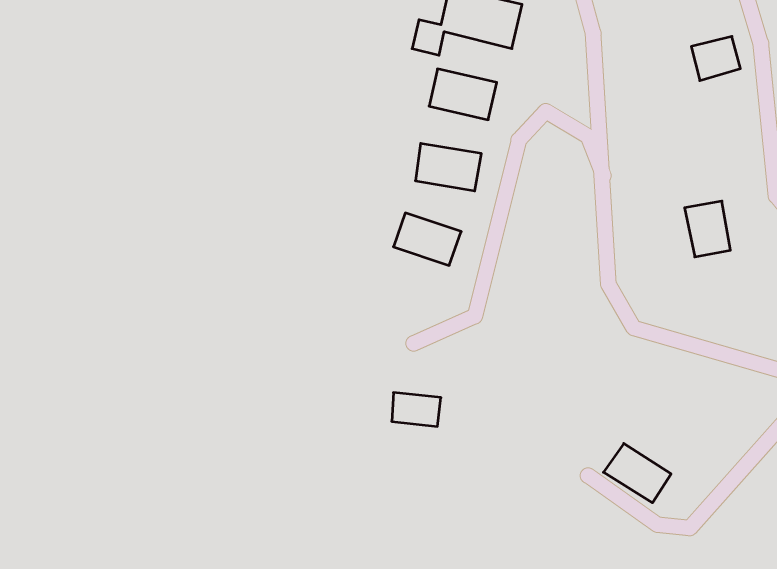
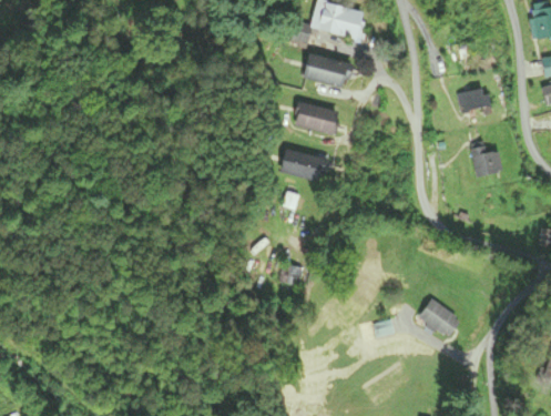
building: [691,36,740,81] -> [459,87,491,115]

